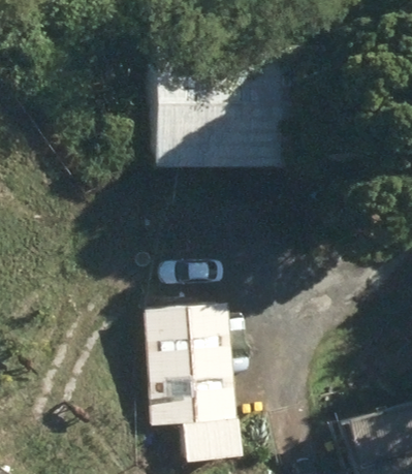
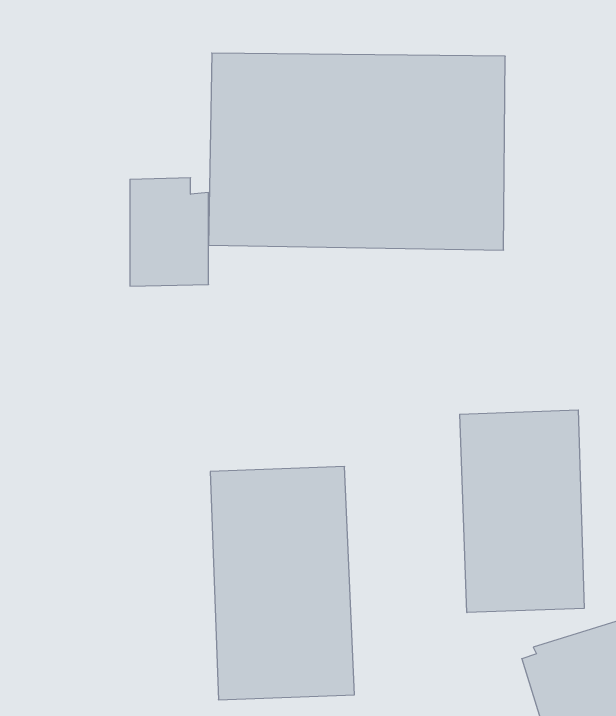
building: none -> [460,410,584,613]

